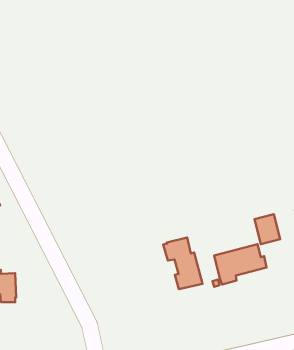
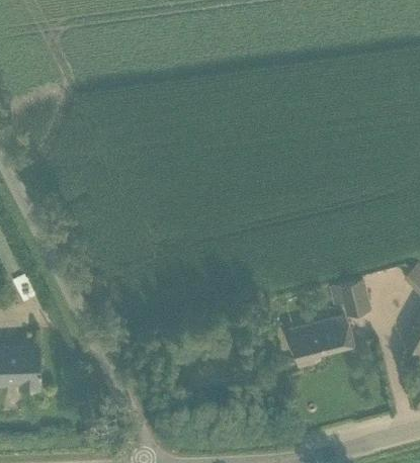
building: [163,237,202,289] -> none

